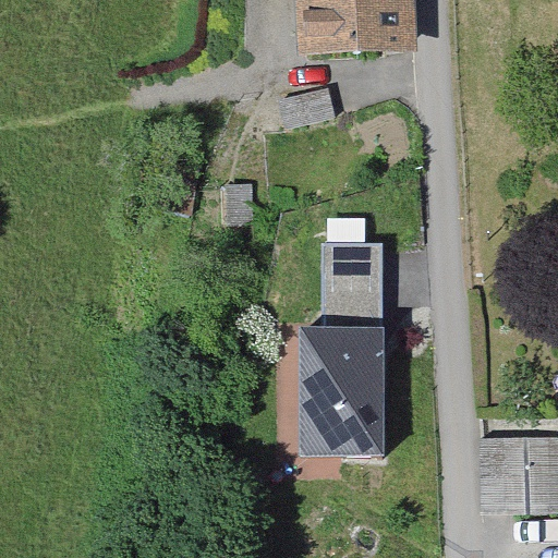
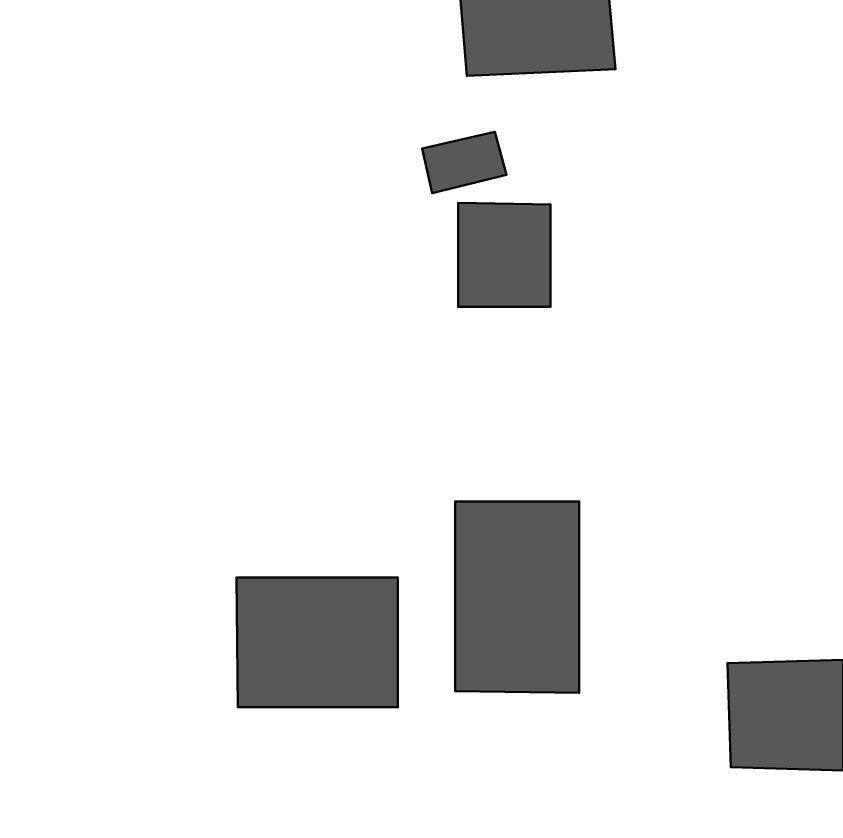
building: [322,243,383,312] -> [458,203,551,307]
building: none -> [236,577,398,707]

